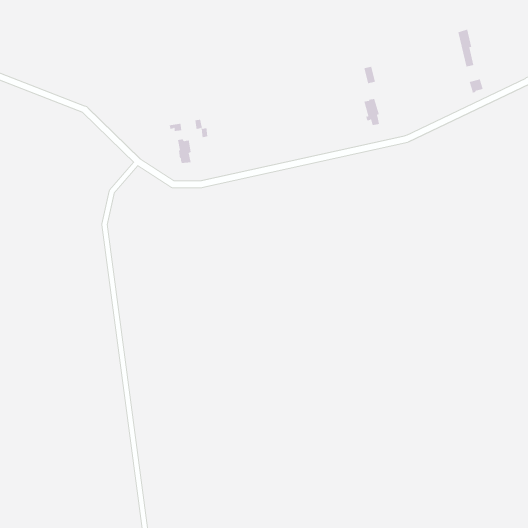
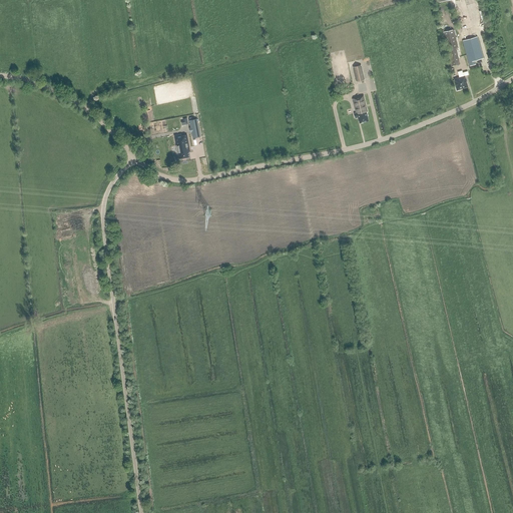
building: none -> [462,35,483,65]

